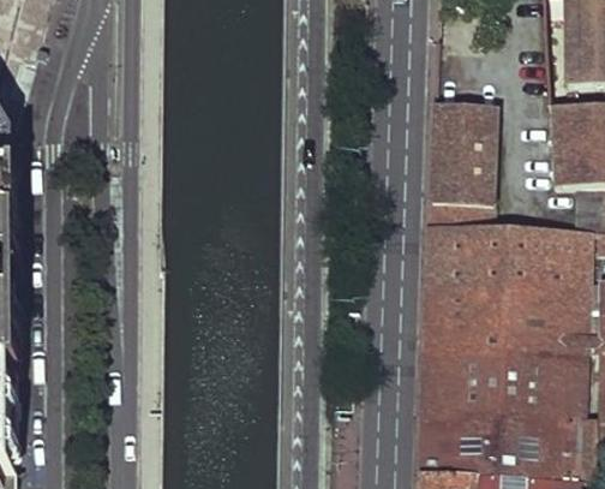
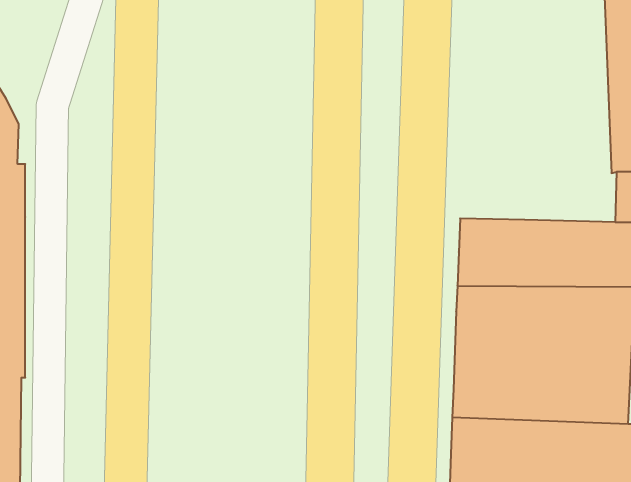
building: [427,105,496,223] -> none

